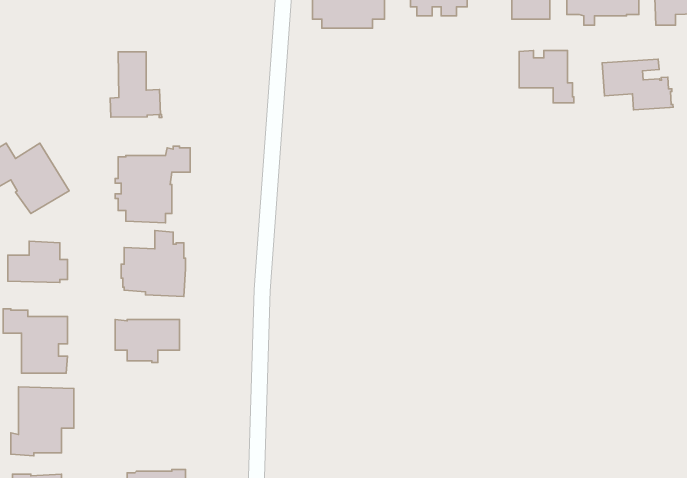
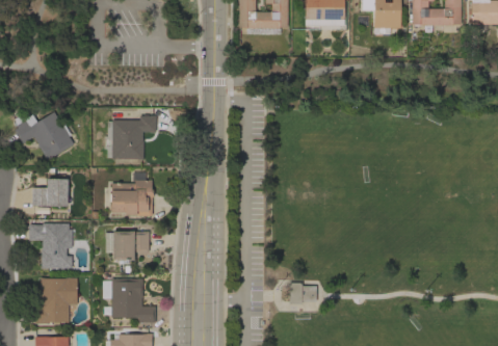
building: [519,50,574,103] -> none
building: [110,52,162,118] -> none
building: [602,59,673,110] -> none
building: none -> [102,278,155,323]
building: none -> [289,283,316,304]

